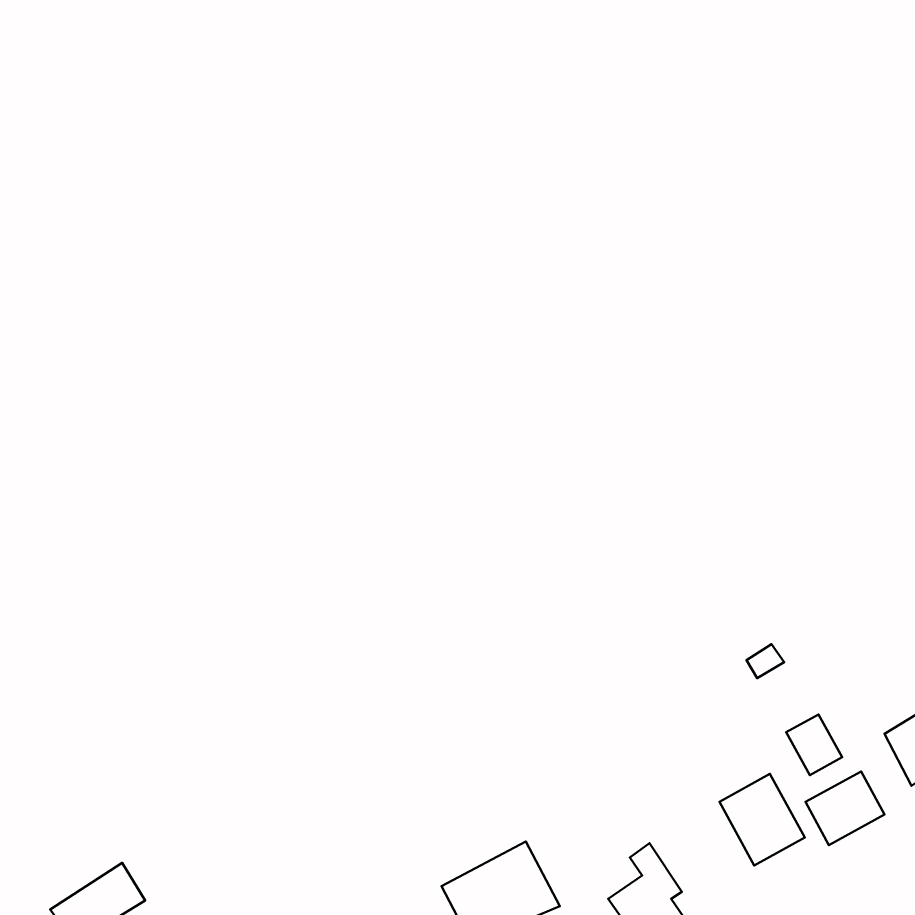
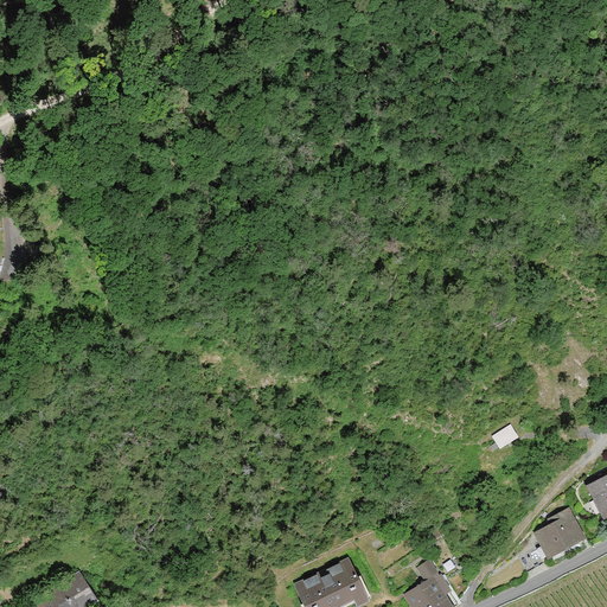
building: [786,714,842,775] -> none
building: [719,774,805,866] -> none

